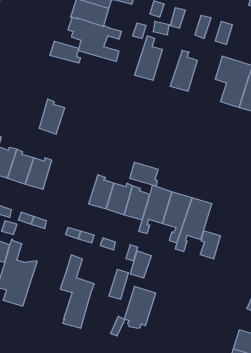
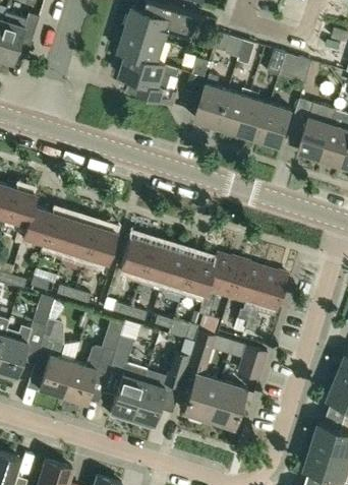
building: [50,41,81,63] -> none
building: none -> [217,88,251,134]
building: none -> [258,104,291,147]
building: [39,99,65,134] -> [85,223,116,264]
building: [130,162,158,186] -> none
building: none -> [119,237,151,275]
building: [200,231,221,259] -> [241,346,266,379]
building: none -> [61,348,114,404]
building: none -> [130,381,164,429]
building: none -> [208,381,245,428]

